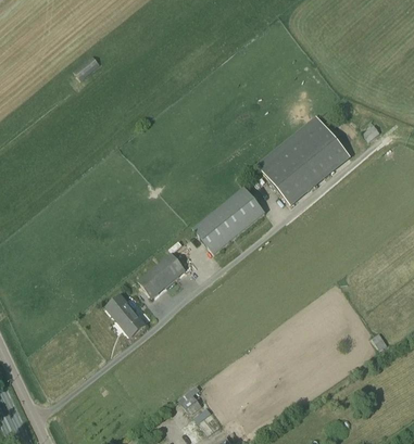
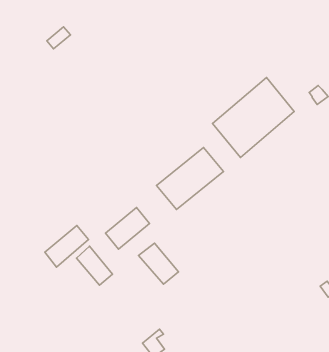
building: none -> [45,225,89,267]
building: none -> [138,243,178,284]

